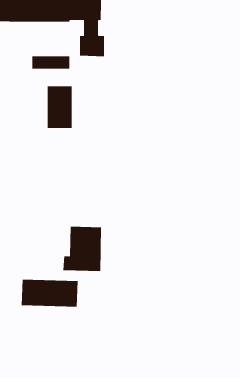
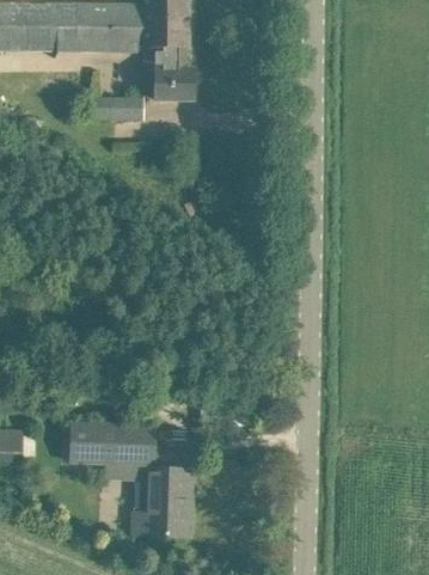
building: [47,85,72,129] -> none
building: [63,226,102,271] -> [134,469,191,534]

